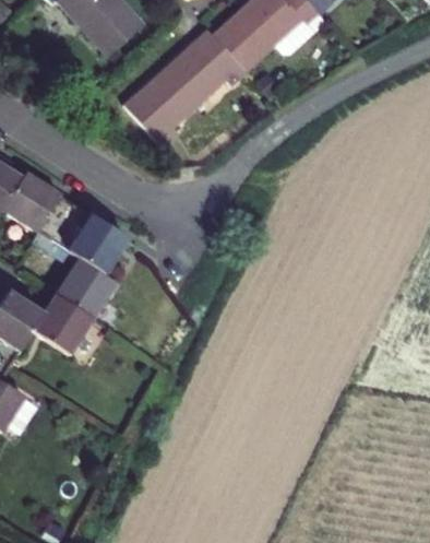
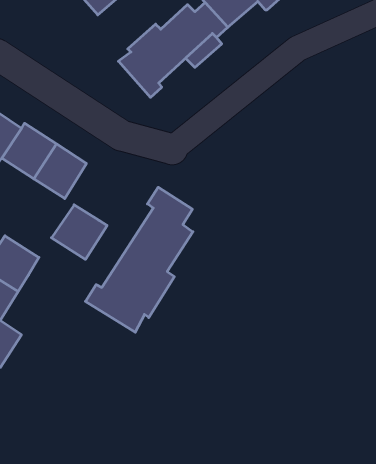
building: [70,213,129,273] -> none
building: none -> [85,187,193,332]
building: [32,292,92,353] -> none

